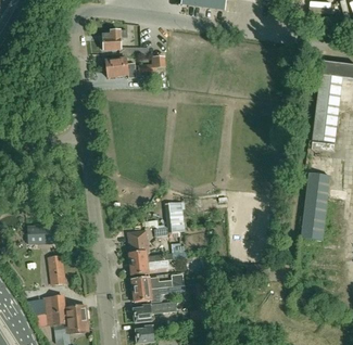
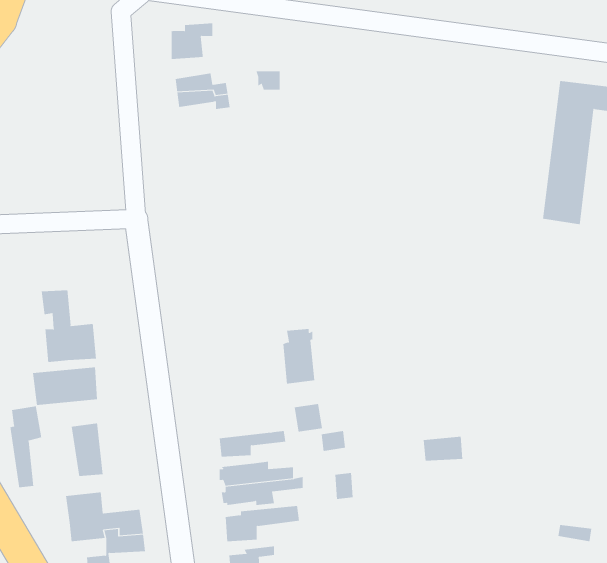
building: [301,172,330,241] -> none
building: none -> [41,290,97,363]
building: [127,231,159,264] -> none
building: none -> [10,405,42,488]

